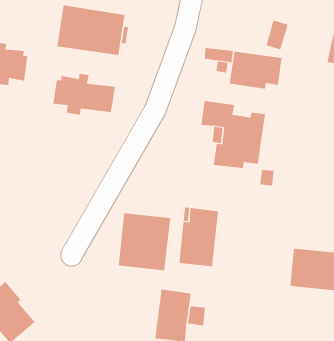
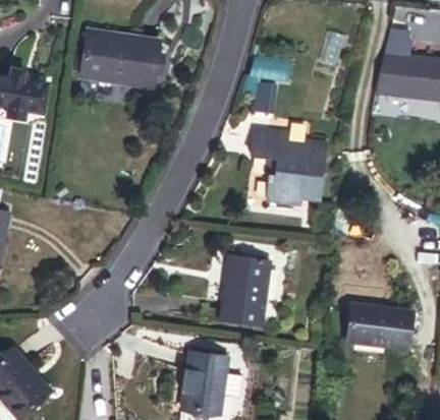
building: [229,51,282,90] -> none
building: [53,73,115,115] -> none
building: [118,212,171,271] -> none

